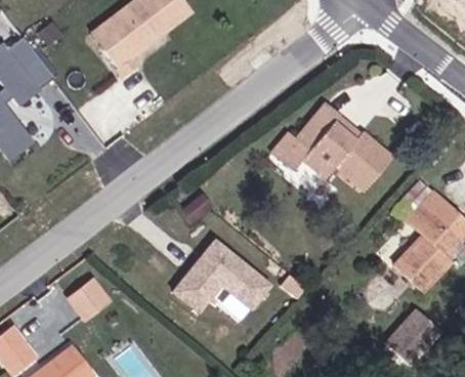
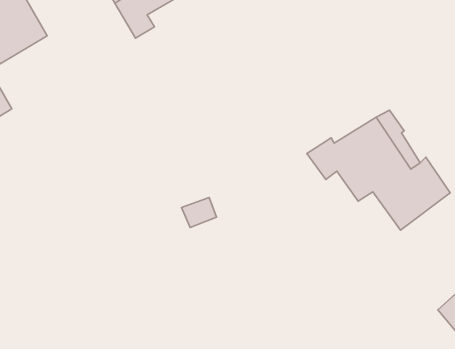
building: [165,242,261,313] -> none
building: [70,280,111,319] -> none

